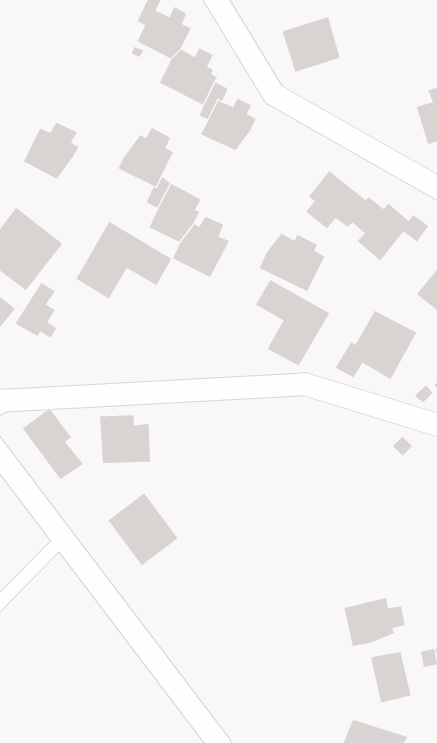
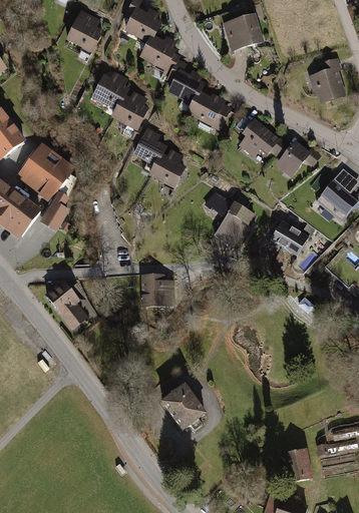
building: none -> [65,8,103,51]
building: [23,122,79,179] -> [91,69,129,108]
building: [75,221,172,300] -> none
building: [259,233,325,292] -> [186,91,231,131]
building: [99,415,151,463] -> [139,276,174,309]
building: [108,492,178,566] -> [157,377,206,427]
building: [344,597,405,647] -> none

